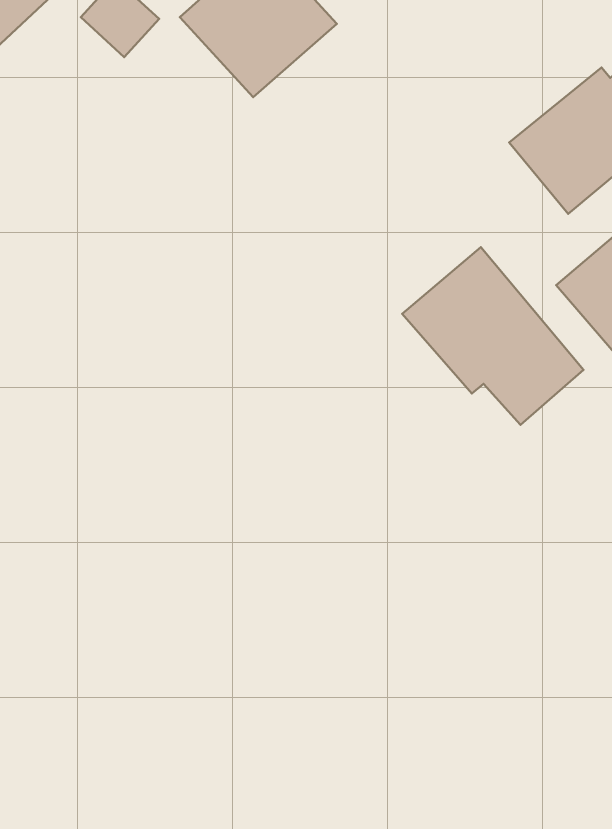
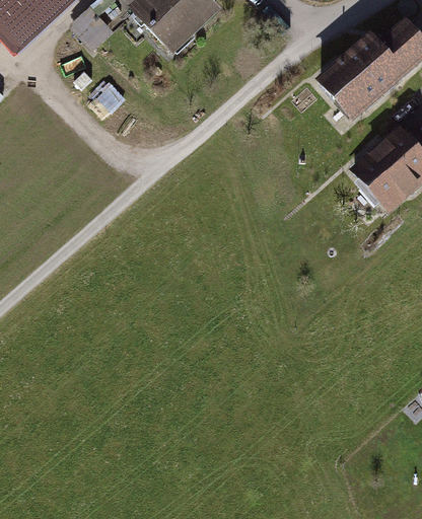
building: [402,247,584,425] -> none

